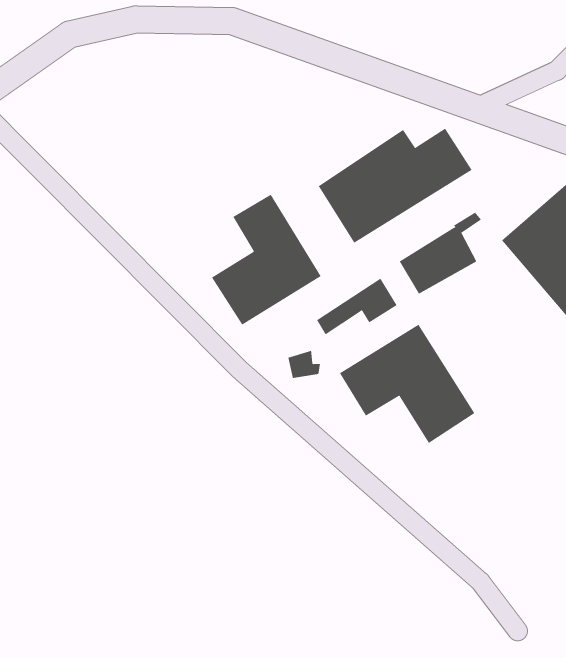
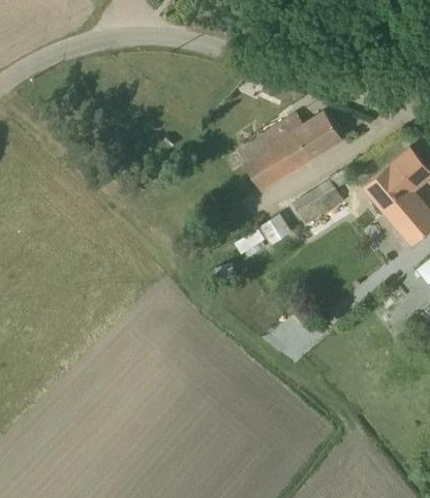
building: [211,194,321,326] -> none
building: [339,324,475,444] -> none

